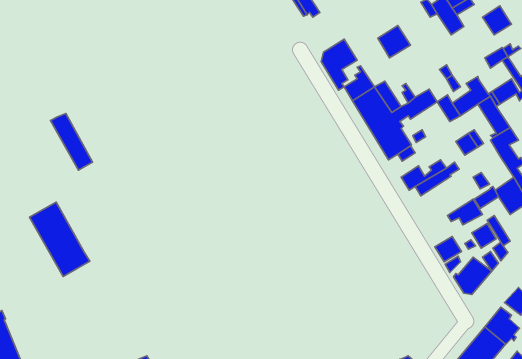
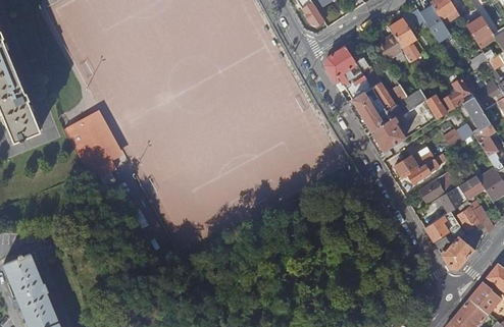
building: none -> [389,17,420,61]
building: none -> [419,172,455,200]
building: [30,202,90,276] -> [63,116,116,181]

